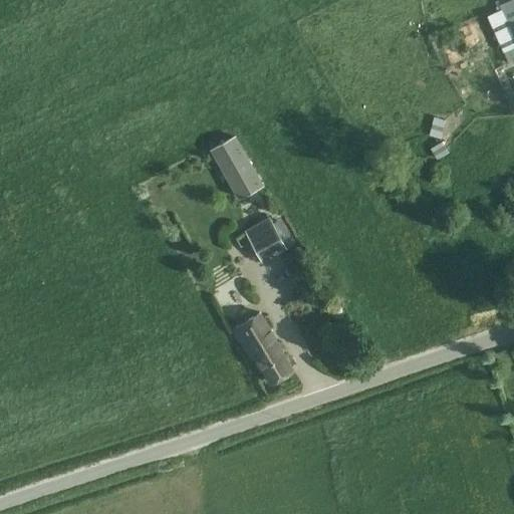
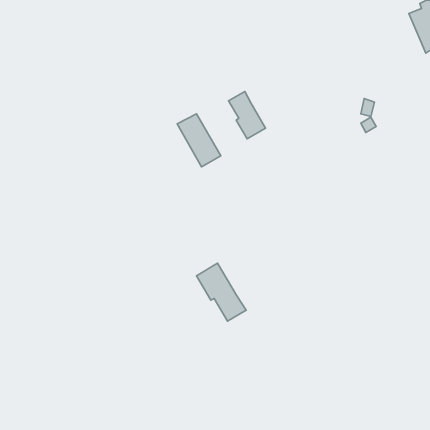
building: none -> [229,91,266,139]
building: [247,217,286,261] -> none

